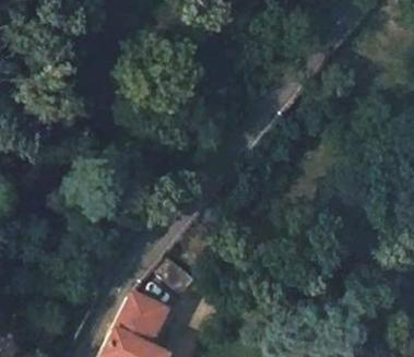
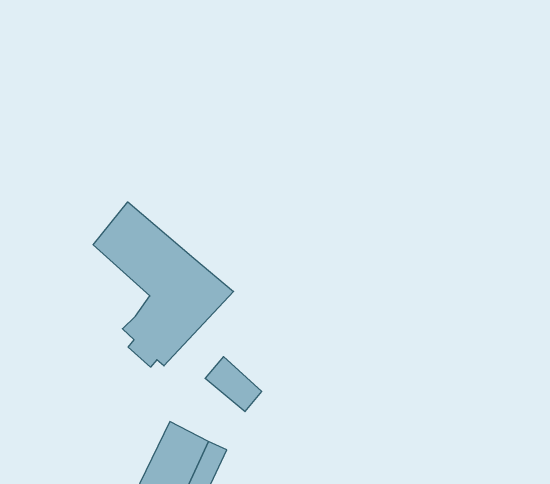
building: none -> [93,202,234,367]

